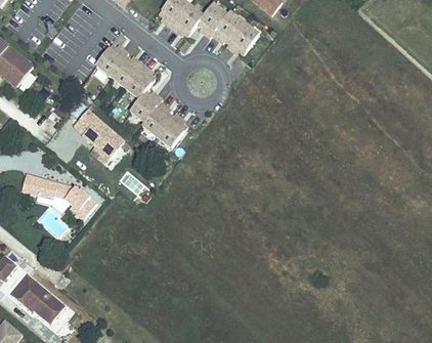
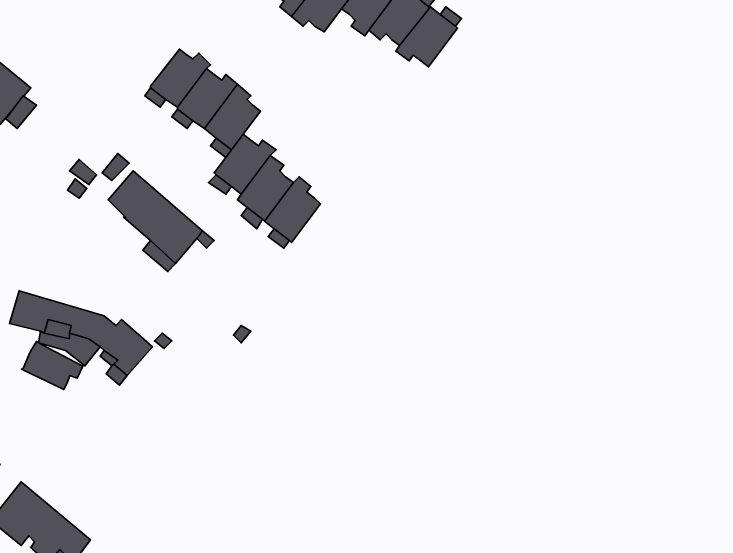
building: none -> [21,342,83,390]

